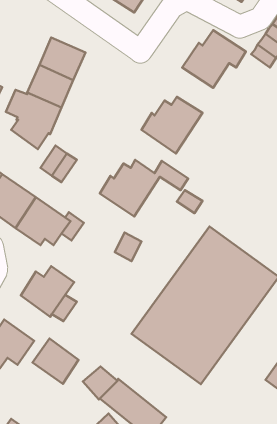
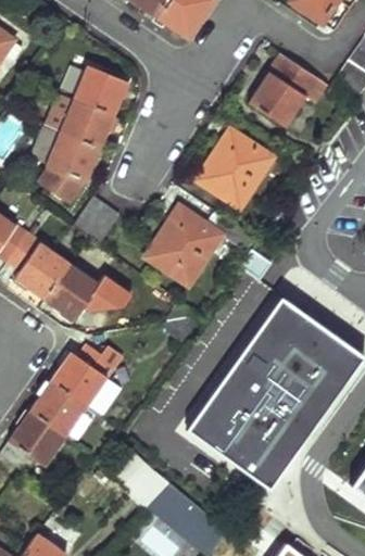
building: [33,339,79,384] -> [29,381,86,437]

